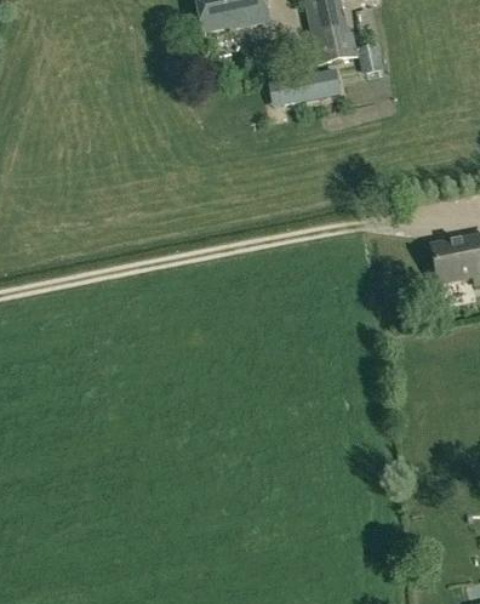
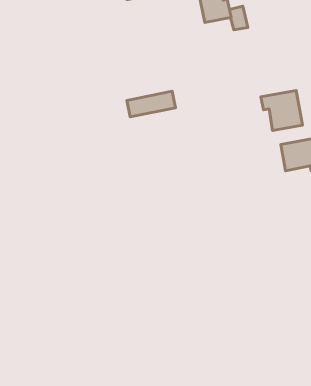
building: [268,67,339,104] -> [127,91,176,117]
building: none -> [261,90,302,131]

